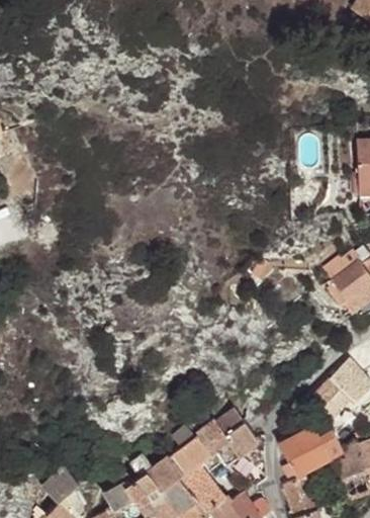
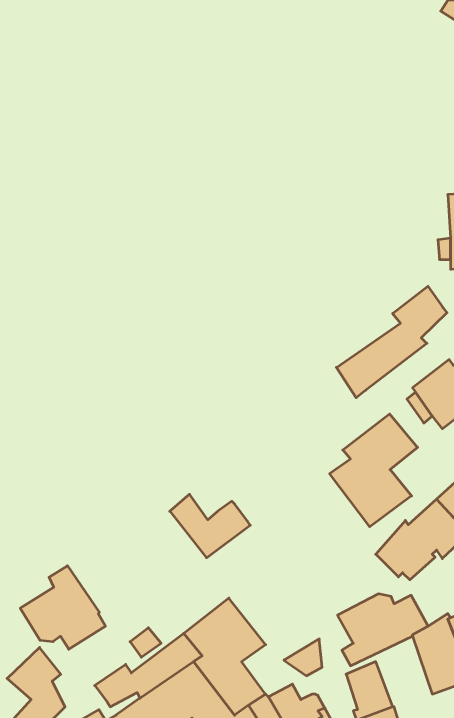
building: none -> [336,286,447,398]
building: none -> [330,414,418,527]
building: none -> [20,566,105,649]
building: [200,419,258,464] -> [170,494,250,558]

